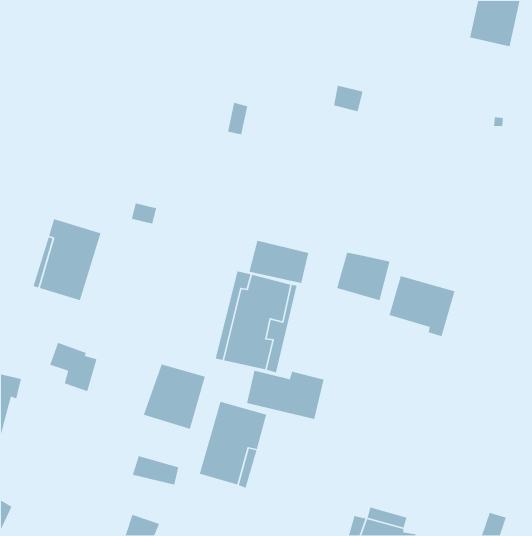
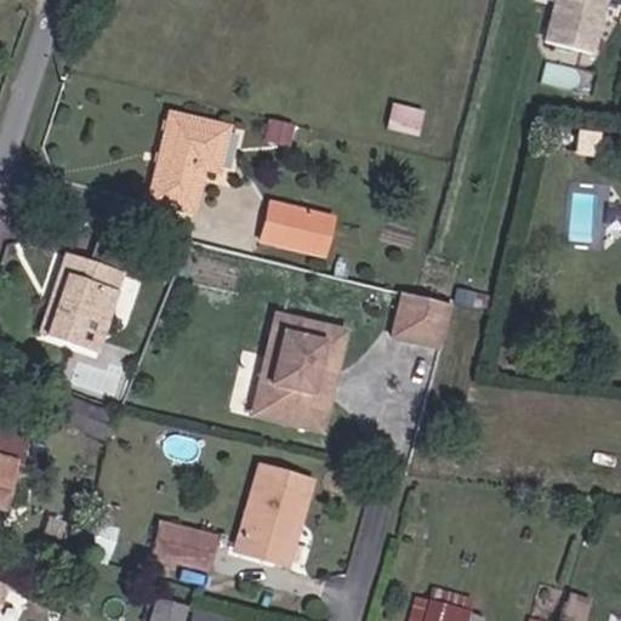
building: none -> [148,112,232,211]
building: [249,240,309,284] -> [262,203,332,253]
building: [388,275,455,337] -> none
building: [143,363,206,430] -> none
building: [246,370,324,420] -> none

